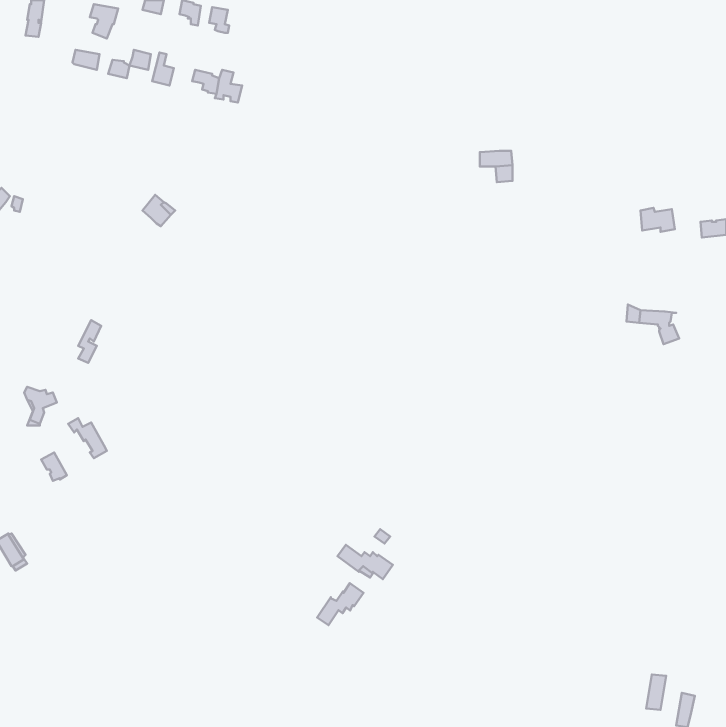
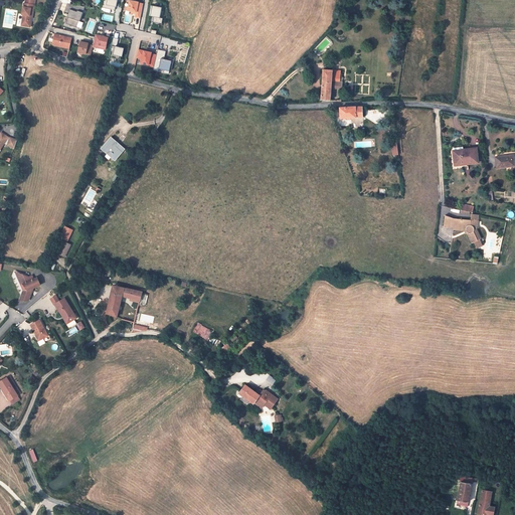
building: none -> [320,69,343,100]
building: none -> [106,286,141,317]
building: [317,583,364,625] -> none

